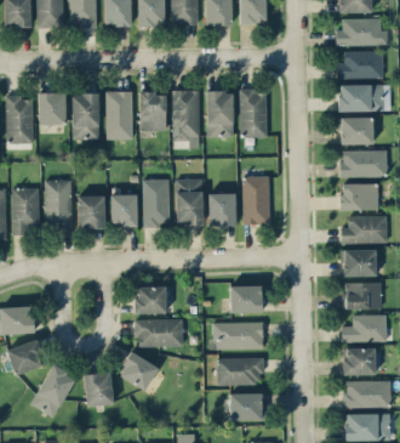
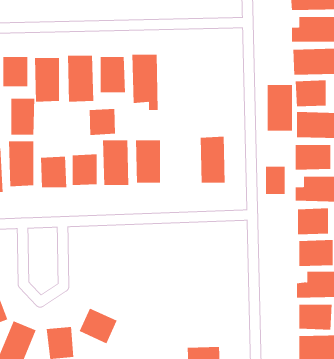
building: [240,89,267,137] -> [267,84,293,131]
building: [206,91,233,136] -> none
building: none -> [11,98,35,135]
building: none -> [89,108,115,136]
building: [208,193,235,226] -> none
building: none -> [265,166,285,195]
building: [230,285,262,312] -> none
building: [135,286,166,313] -> none
building: [136,318,183,346] -> none
building: [215,322,264,348] -> none
building: [218,357,262,384] -> none

